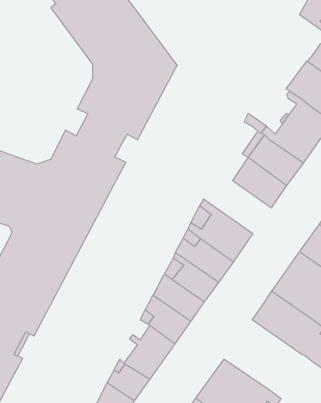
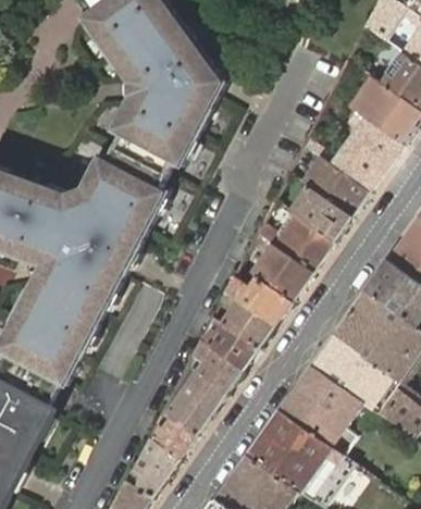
building: none -> [256,214,332,272]
building: none -> [278,368,361,456]

